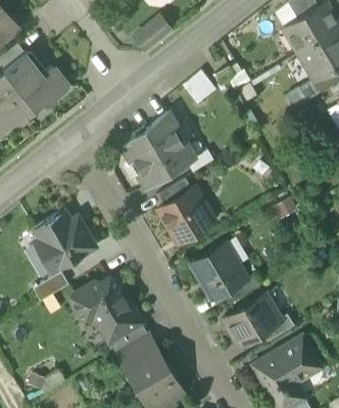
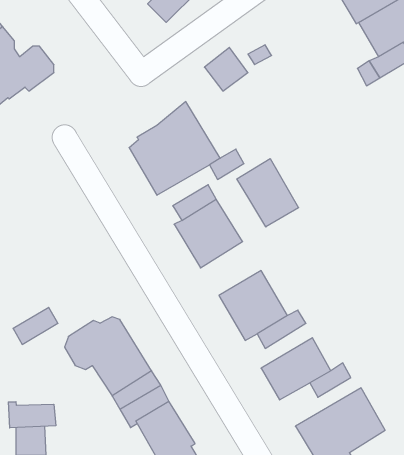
building: none -> [237,159,299,227]
building: [34,211,95,273] -> none
building: none -> [8,402,56,428]

